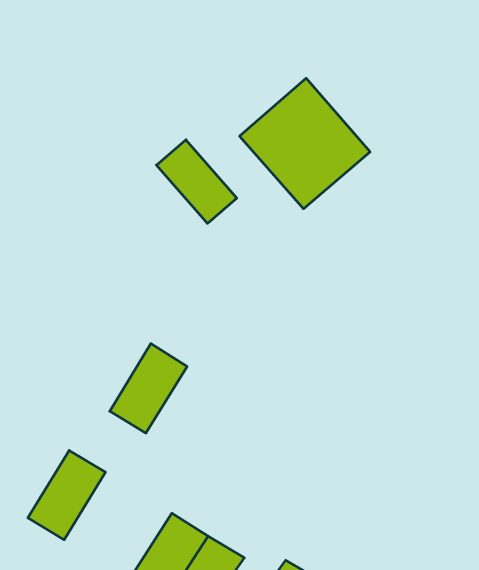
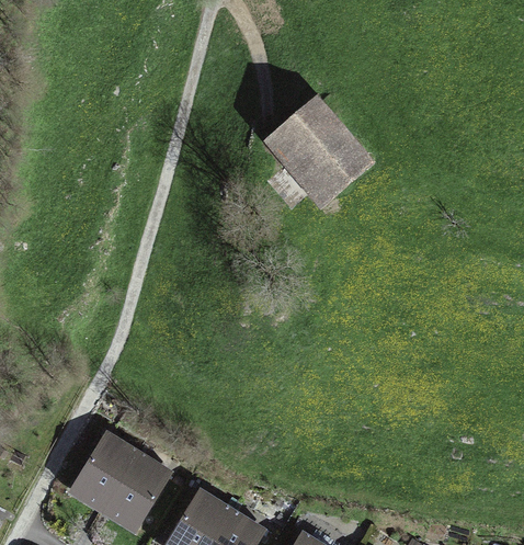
building: [156,140,237,223] -> none
building: [110,344,187,433] -> [101,452,171,533]

